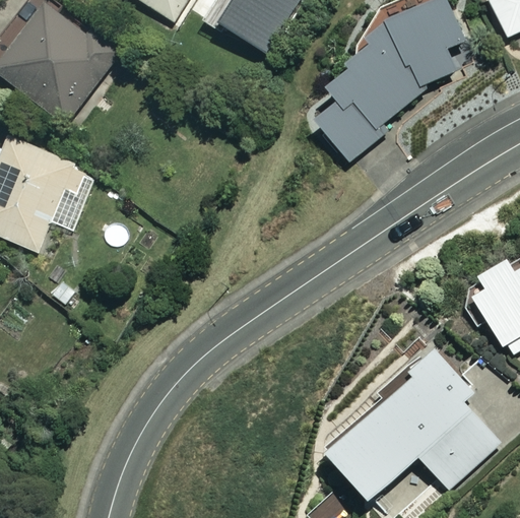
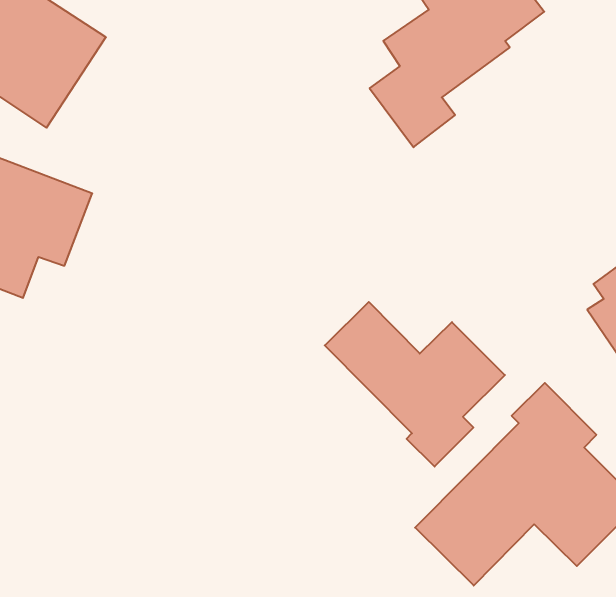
building: none -> [325,302,505,467]

